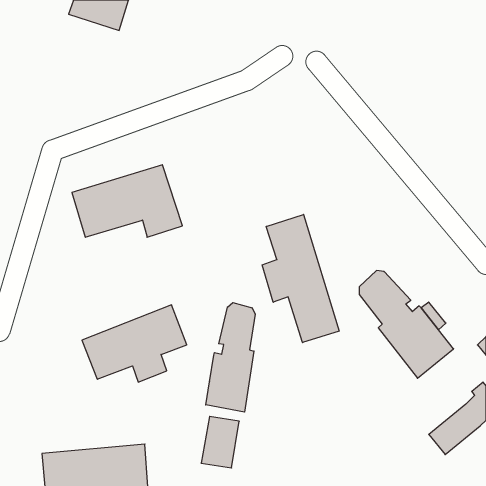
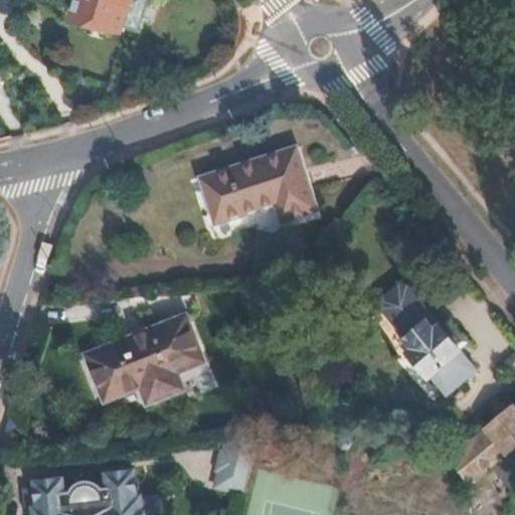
building: [72,165,182,237] -> [191,146,308,222]
building: [262,214,339,343] -> none
building: [206,303,255,412] -> none

